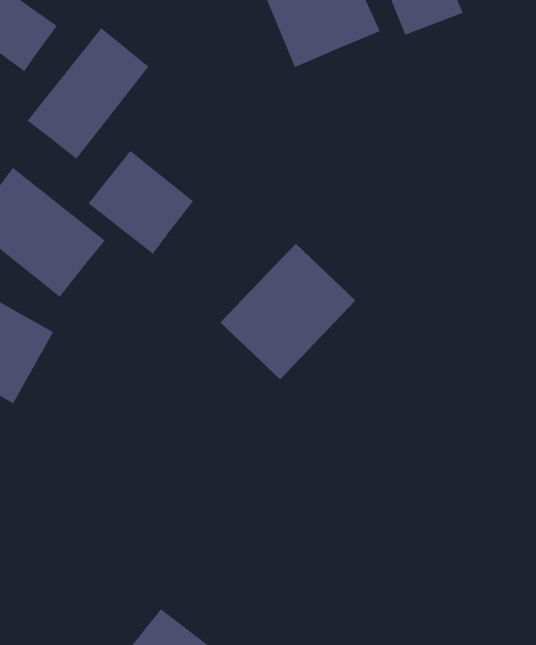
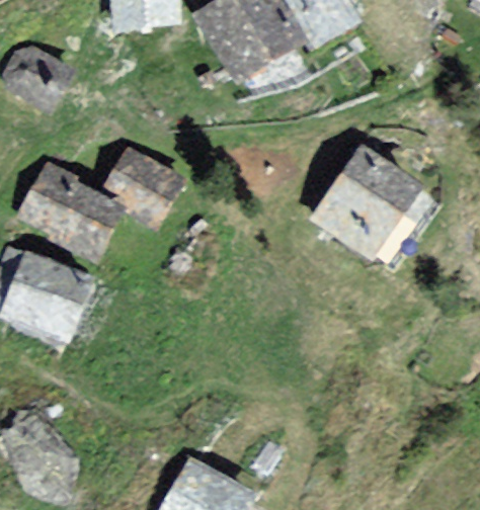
building: [27,27,150,160] -> none
building: [220,243,356,380] -> [318,155,412,253]

